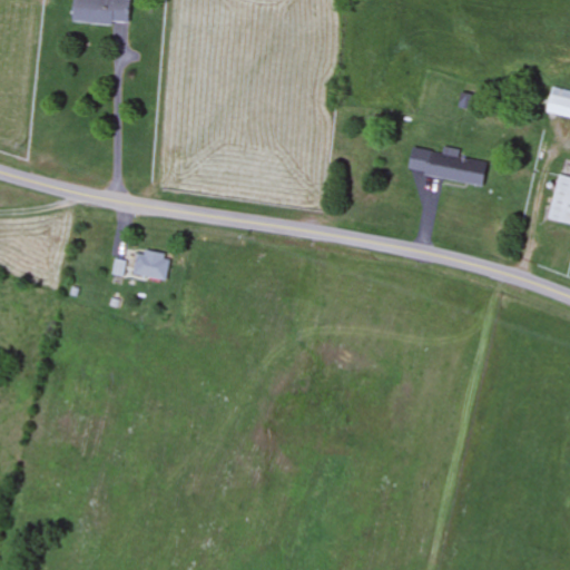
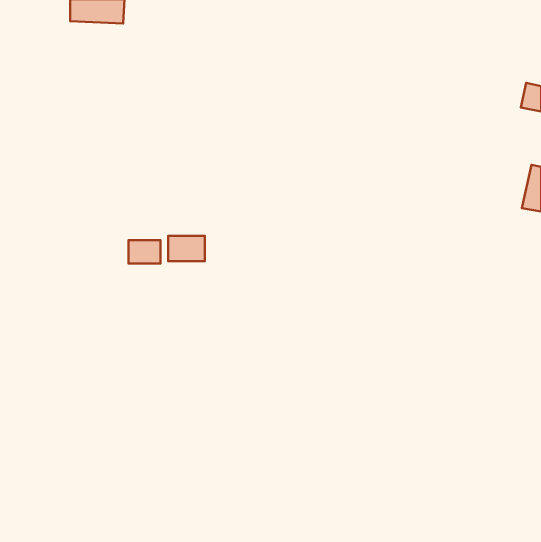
building: [407,148,488,185] -> none
building: none -> [168,236,205,261]

